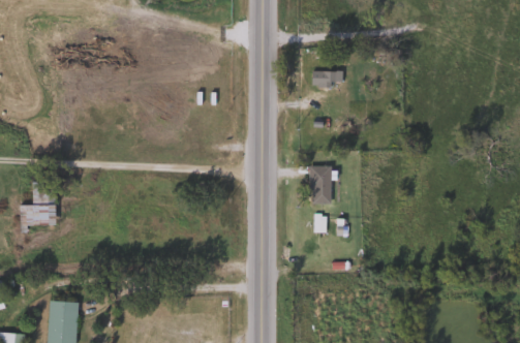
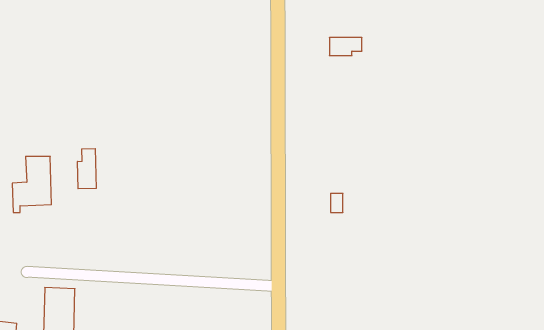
building: [310,165,331,202] -> none
building: none -> [78,149,96,189]

